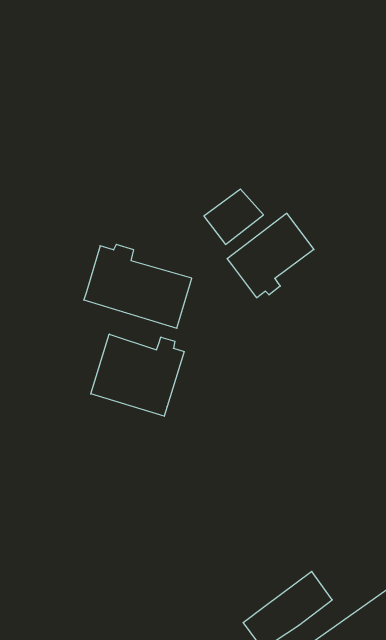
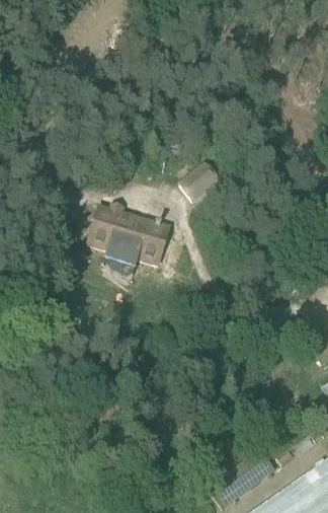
building: [227,213,314,298] -> none
building: [91,334,184,416] -> none

